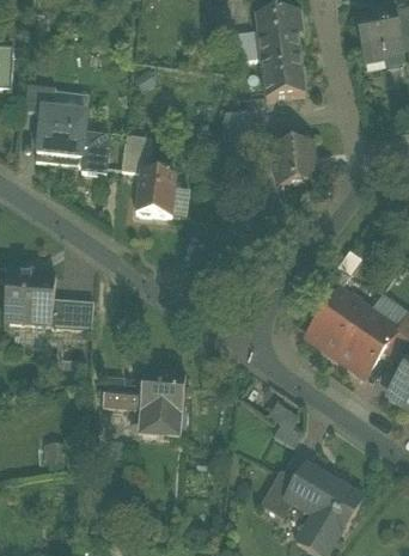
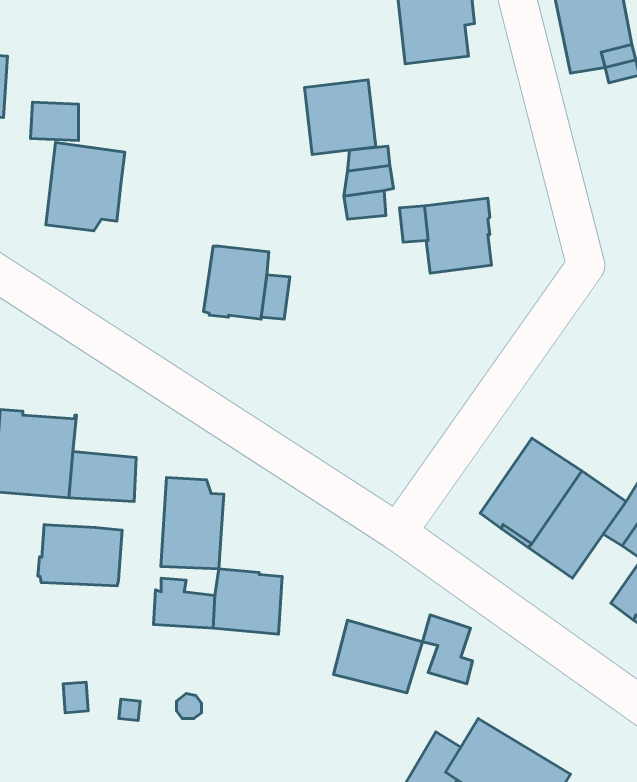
building: [260,50,304,97] -> [305,80,376,155]
building: [79,129,109,170] -> none
building: [121,130,148,169] -> none
building: none -> [161,478,224,569]
building: none -> [38,525,122,586]
building: none -> [334,620,422,693]
building: [138,407,181,435] -> none

